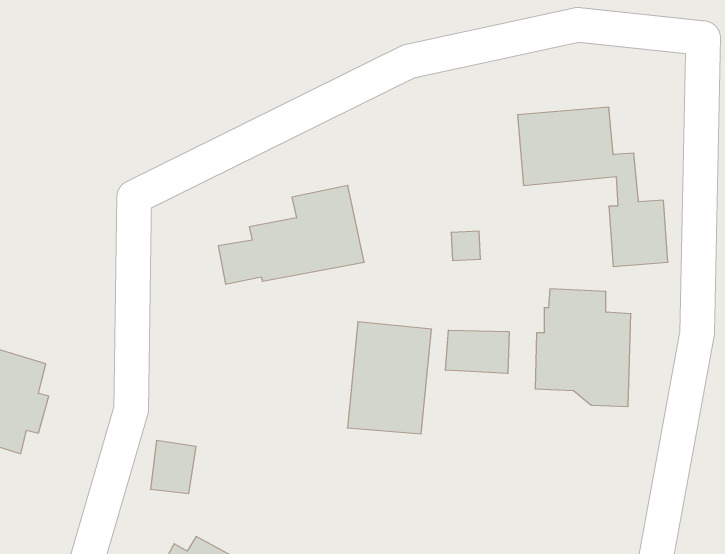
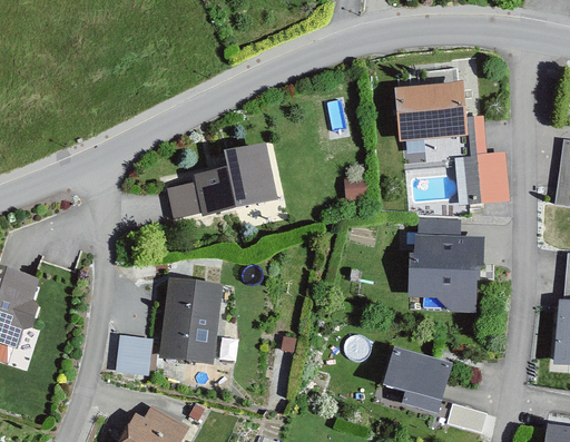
building: [347,322,432,434] -> [158,279,222,364]
building: [446,330,509,374] -> none
building: none -> [384,346,452,412]

